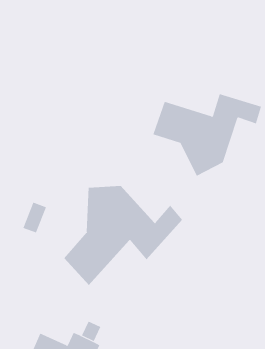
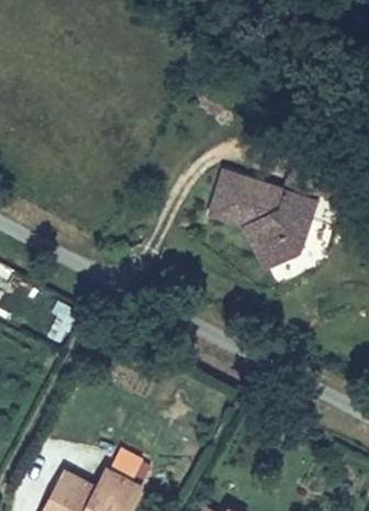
building: [63,185,183,286] -> none

